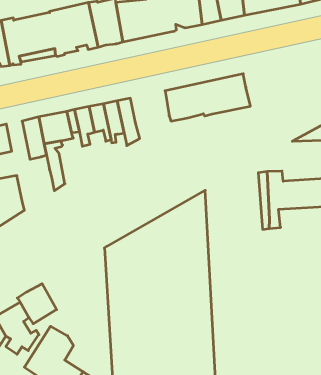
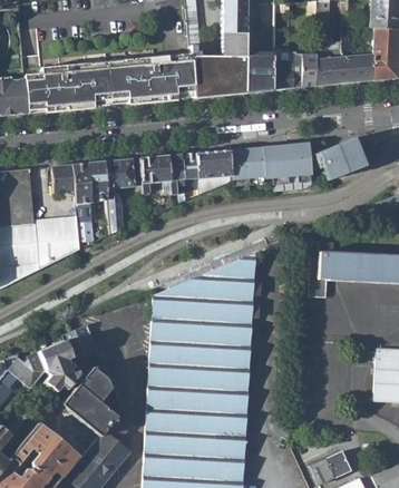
building: none -> [313,137,364,179]
building: none -> [195,149,231,177]
building: none -> [71,163,91,215]

